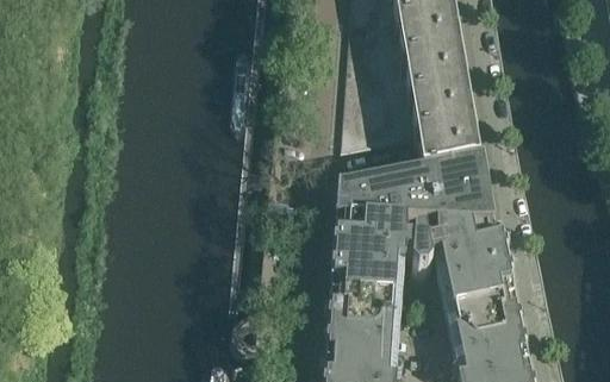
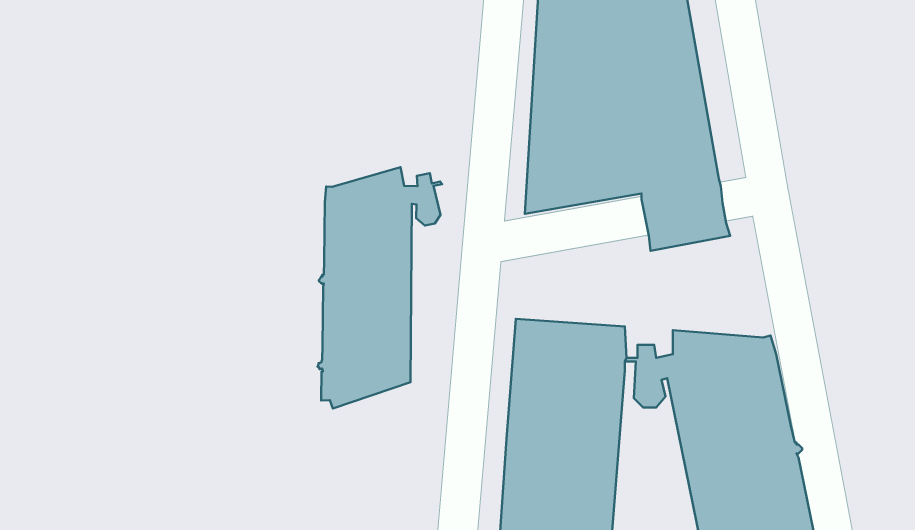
building: none -> [318,167,442,409]
building: [336,155,496,221] -> none

